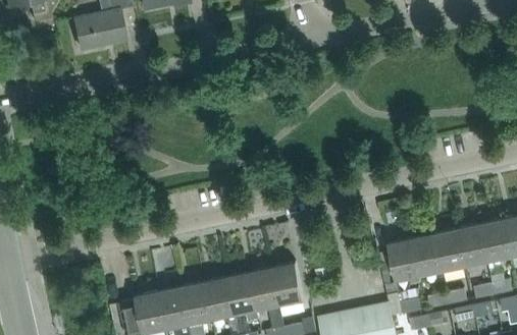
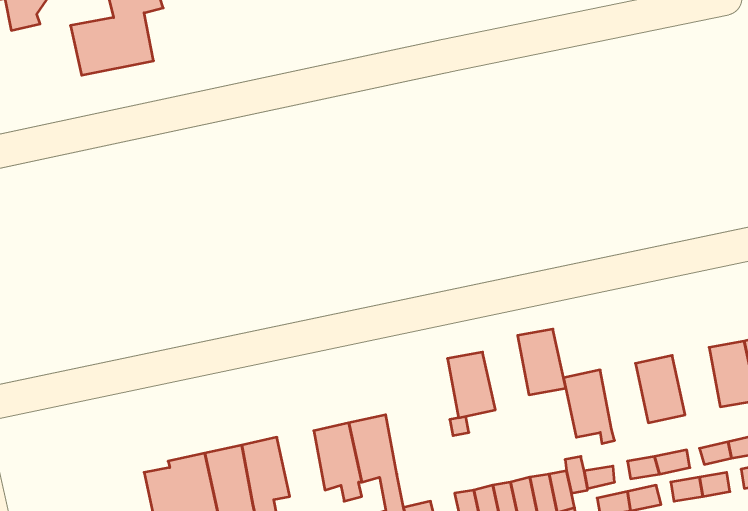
building: [456,224,486,267] -> none
building: [410,234,441,276] -> [518,329,566,395]
building: [273,263,304,304] -> [447,352,495,418]
building: [204,277,235,319] -> none

